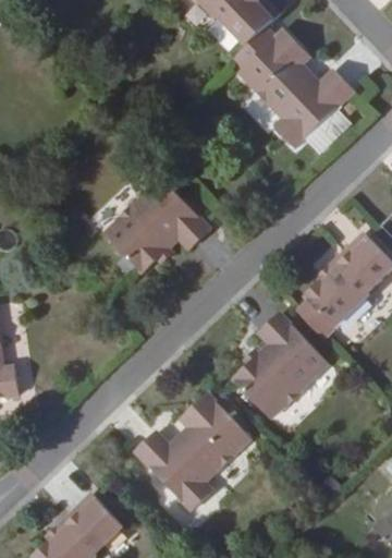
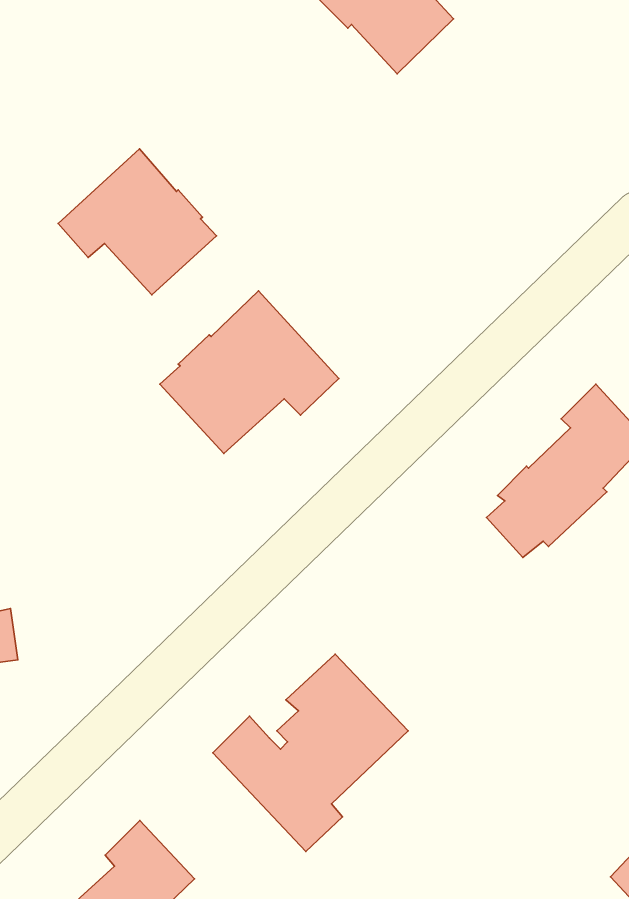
building: [235,27,353,147] -> none
building: none -> [58,149,216,295]
building: [231,313,328,418] -> none

